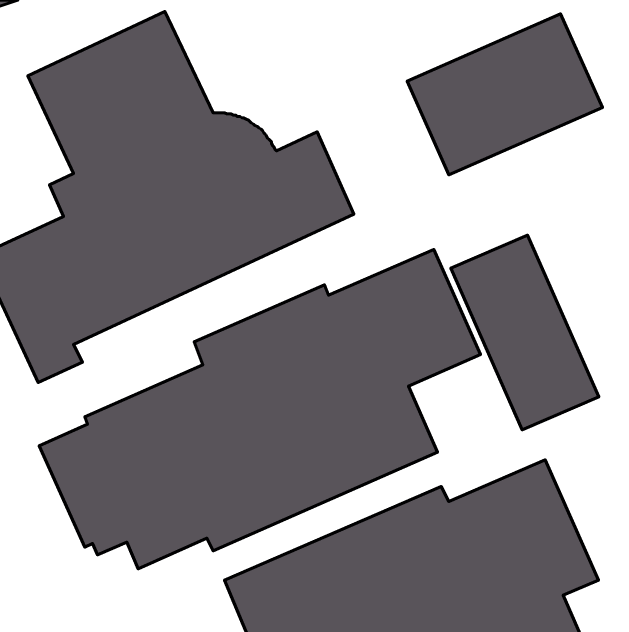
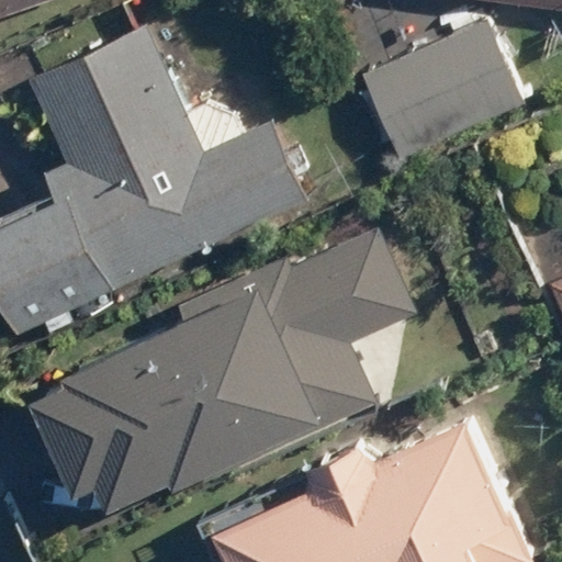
building: [451,235,599,430] -> none

